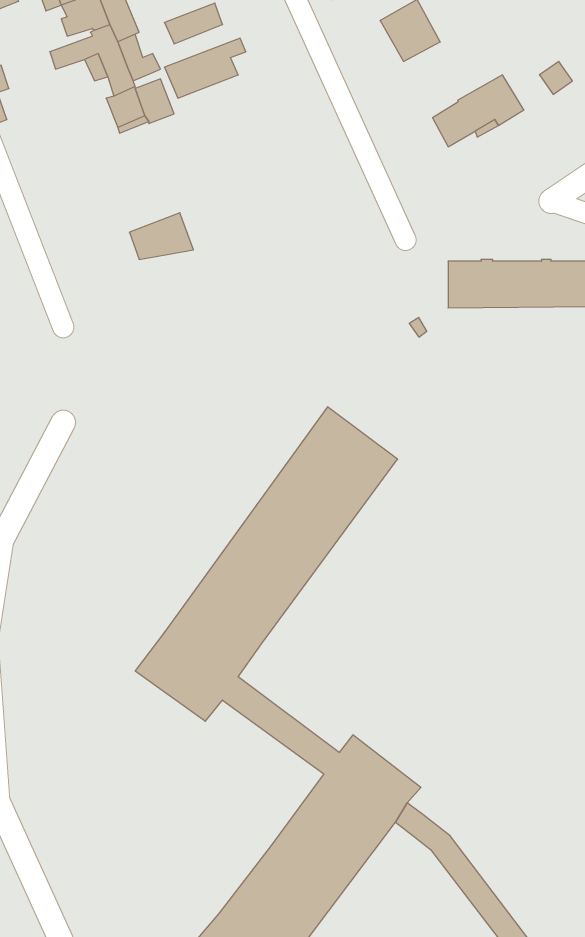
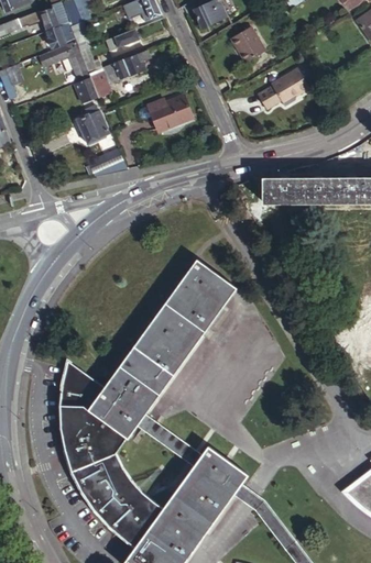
building: none -> [140,98,186,134]
building: none -> [73,107,107,145]
building: none -> [59,360,164,547]

